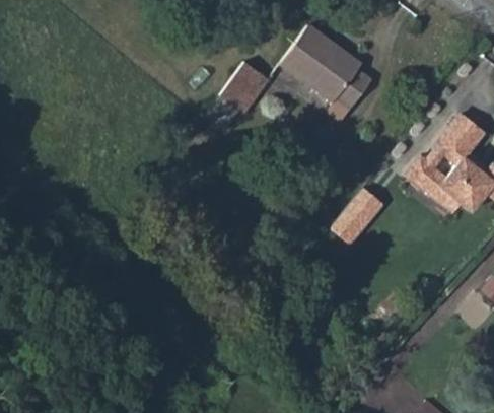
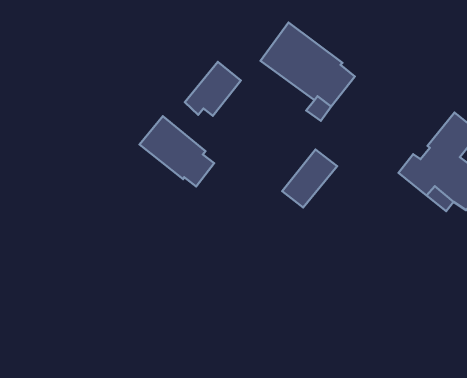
building: none -> [140,116,214,187]
building: [338,188,392,245] -> [282,150,337,208]

